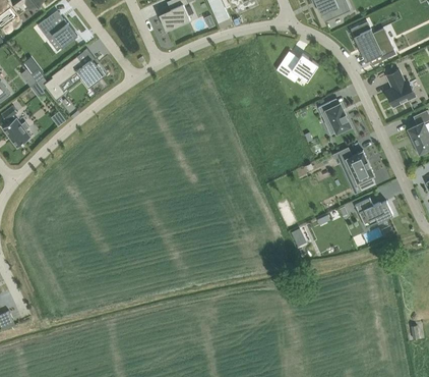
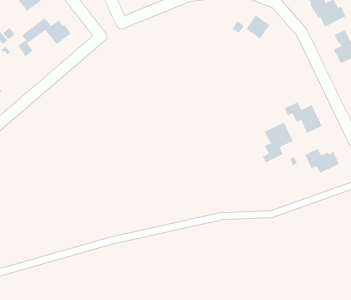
building: [318,102,351,132] -> none
building: none -> [262,122,293,163]

